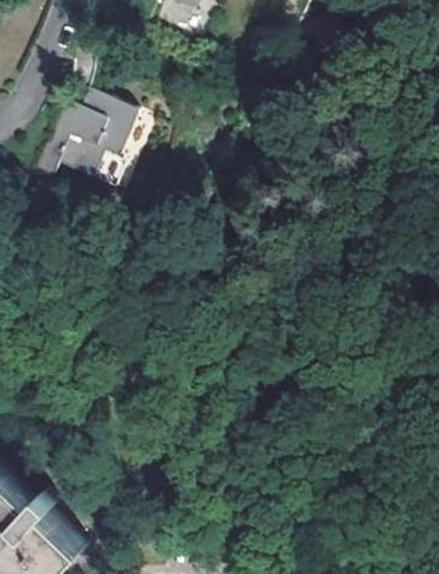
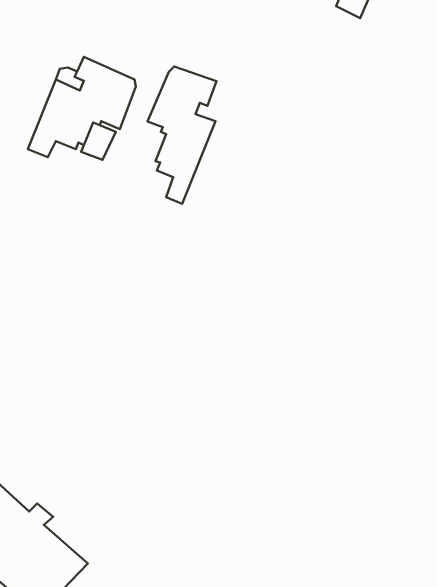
building: none -> [148,67,217,204]

